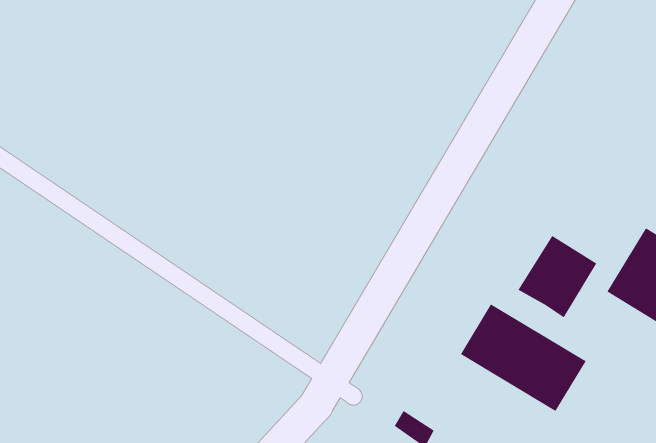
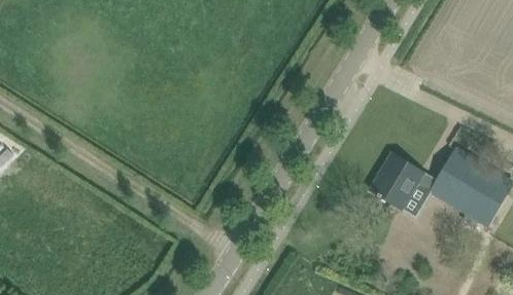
building: [460,303,586,412] -> none

